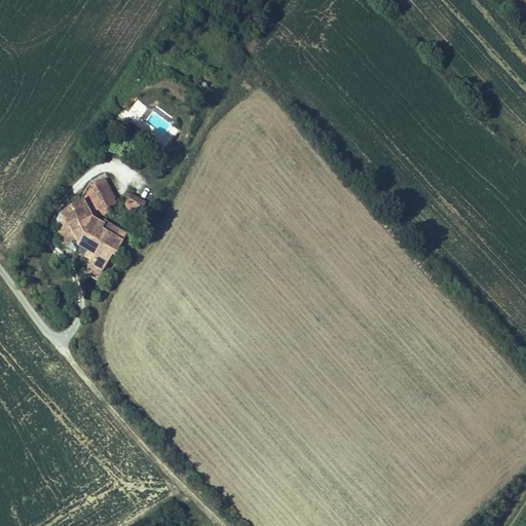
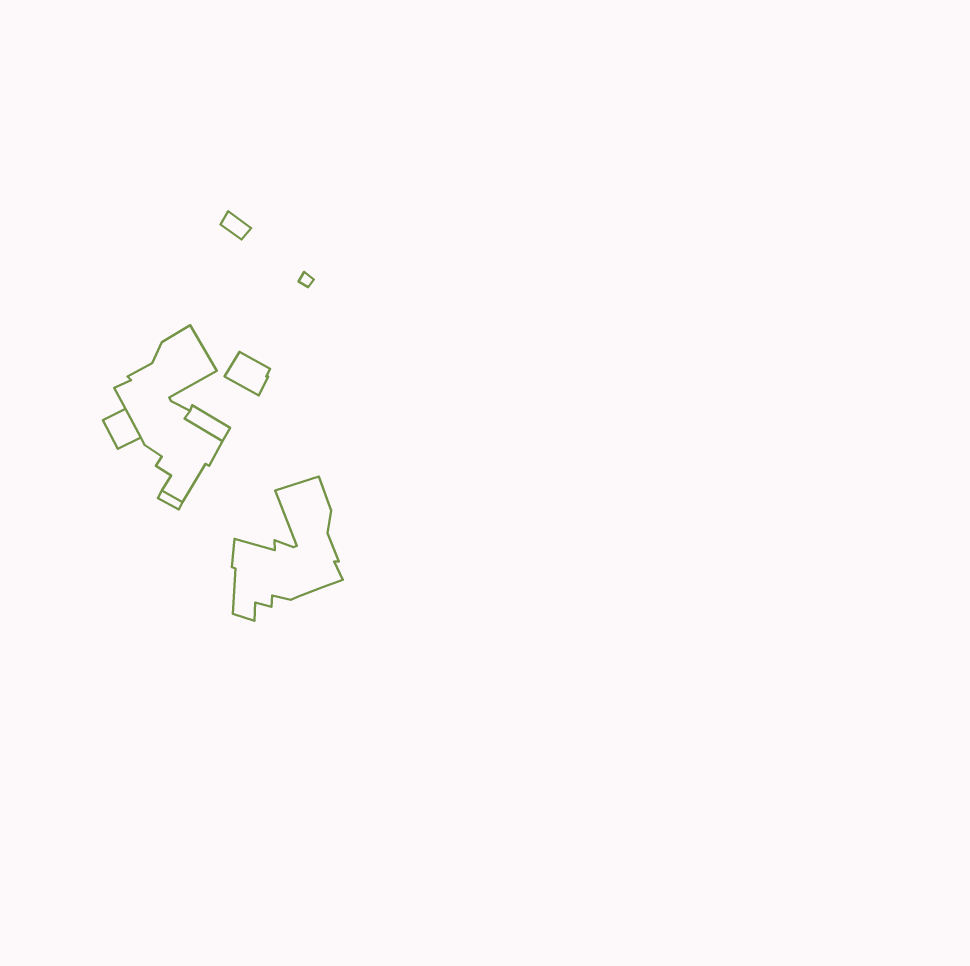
building: none -> [232,476,343,621]

